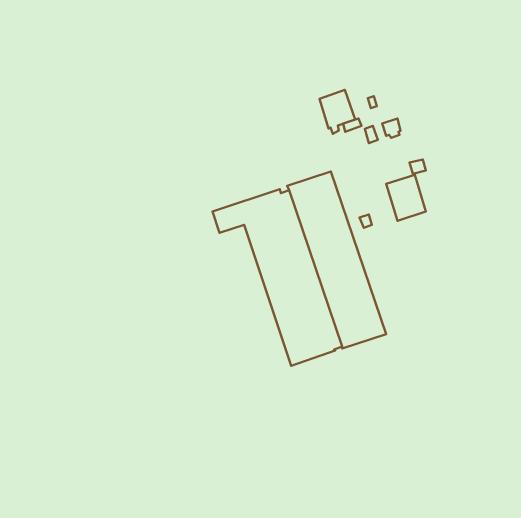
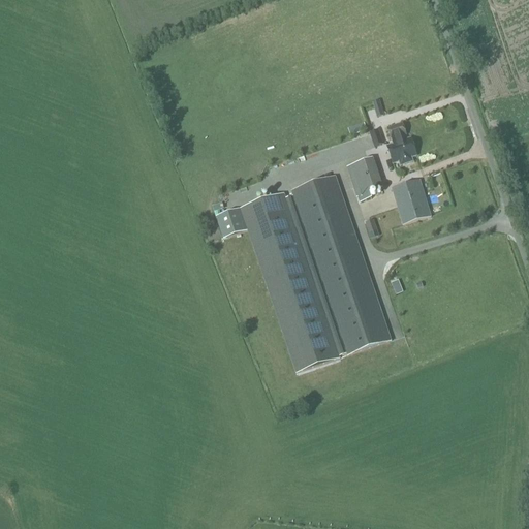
building: [319,90,355,134] -> [346,155,382,199]
building: none -> [386,135,415,160]

